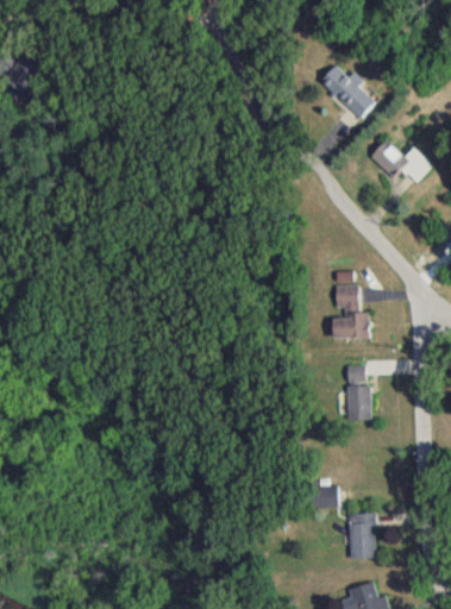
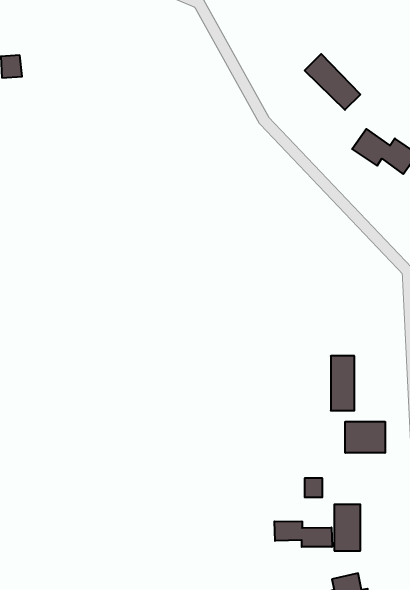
building: [331,284,369,338] -> none
building: none -> [345,422,385,453]
building: none -> [274,521,332,547]

